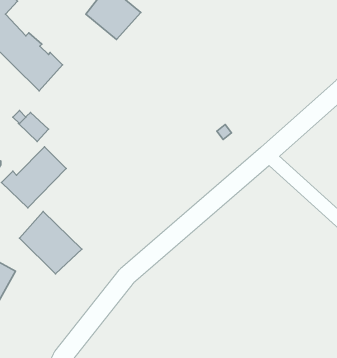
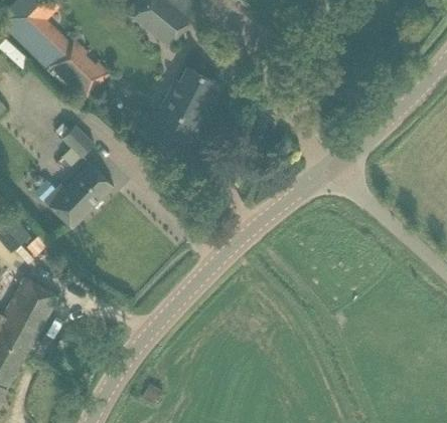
building: none -> [144,66,220,156]
building: [19,211,82,274] -> none

